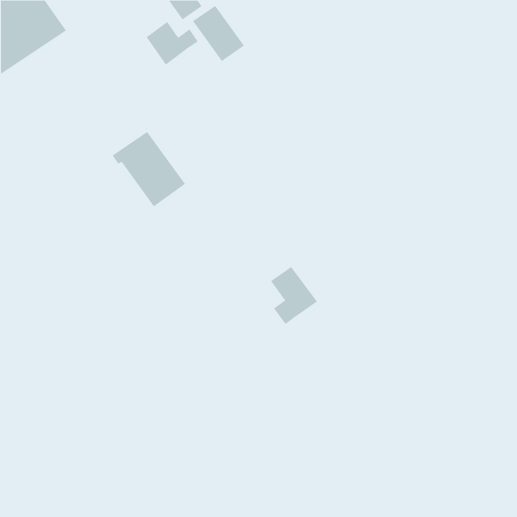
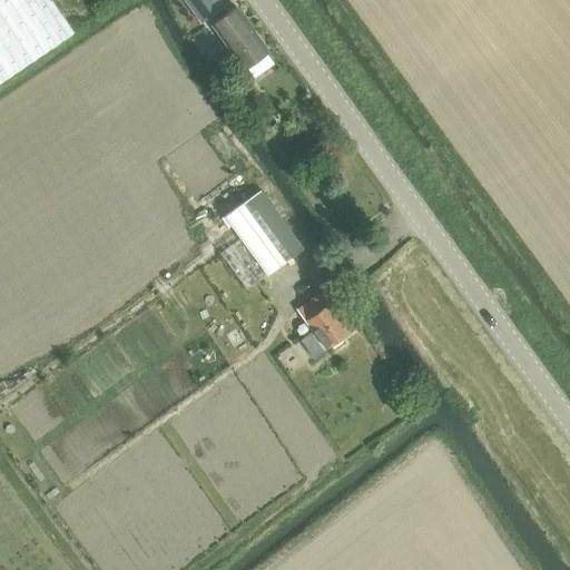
building: [146,21,198,65] -> none
building: [112,131,186,207] -> [222,190,303,274]

